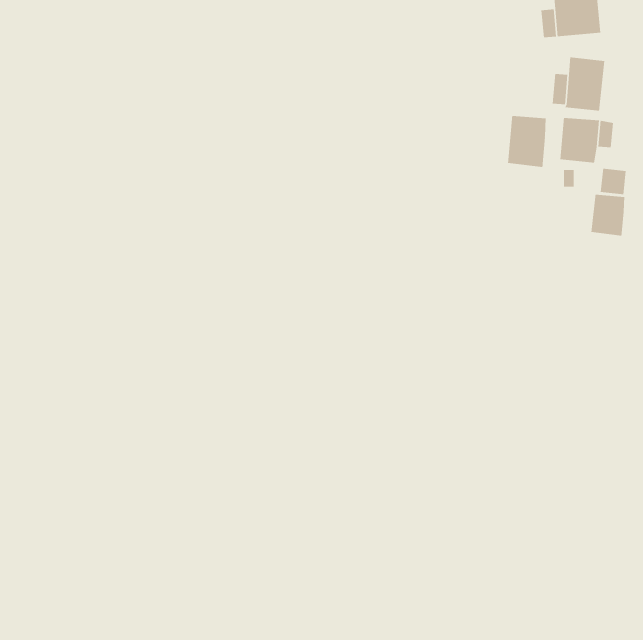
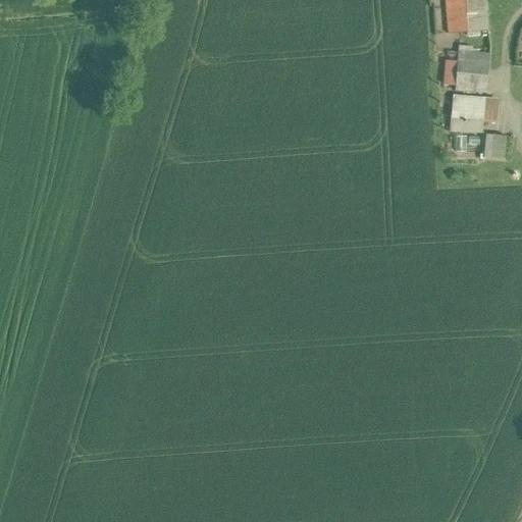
building: [508,115,546,168] -> none
building: [591,194,625,236] -> none

